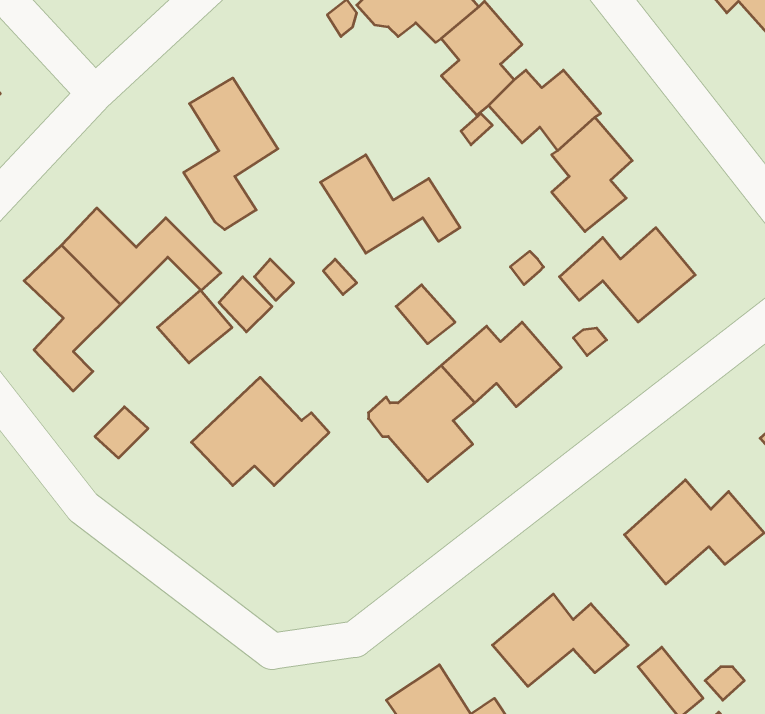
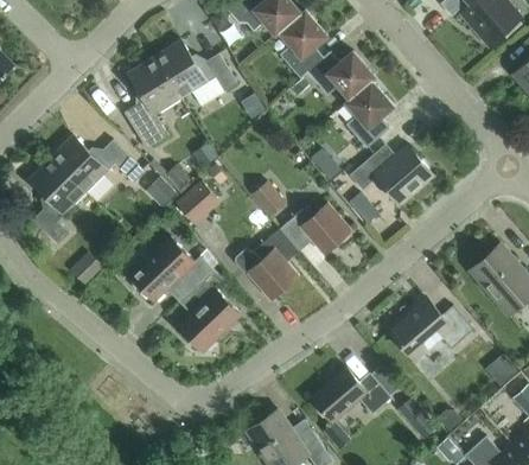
building: [320,155,460,253] -> [153,39,237,98]
building: [157,290,232,363] -> [176,180,221,224]
building: none -> [177,269,238,352]

